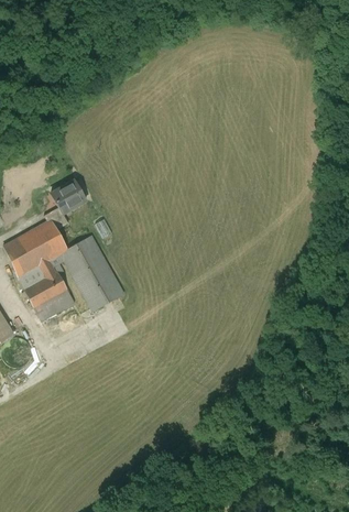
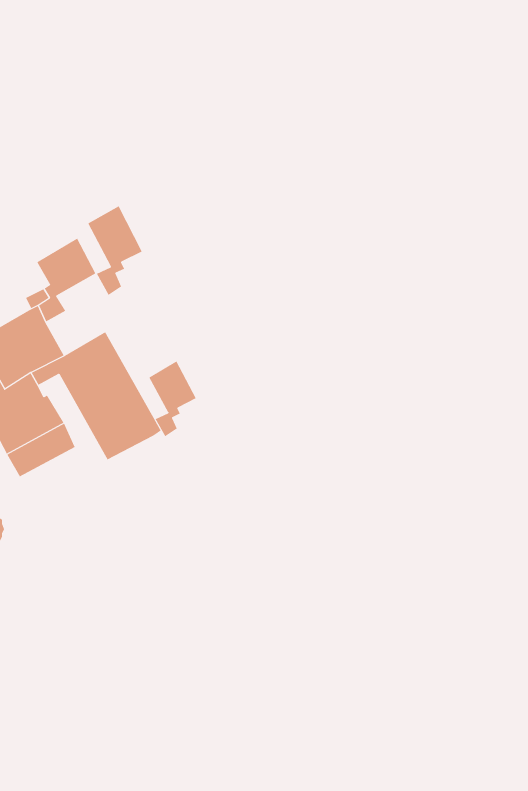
building: none -> [88,205,142,296]
building: none -> [149,361,197,437]

